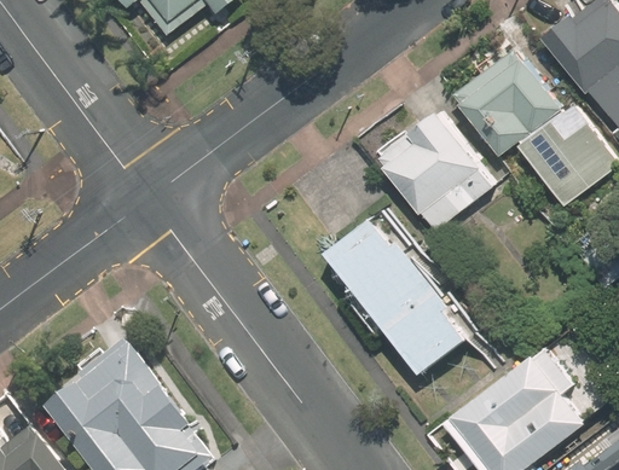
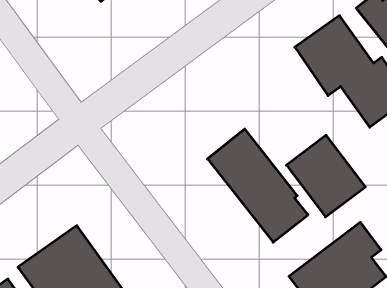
building: [376,110,491,228] -> [286,135,365,217]

